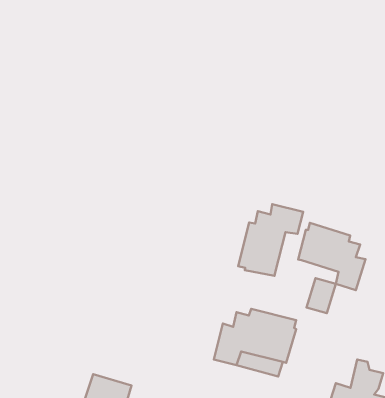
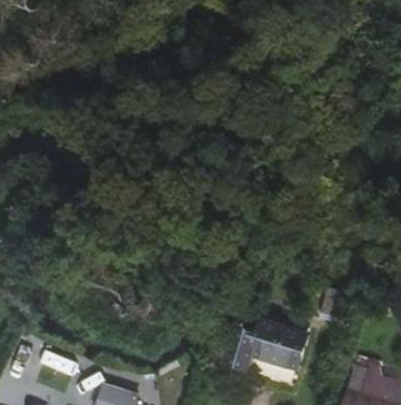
building: [238,204,303,276] -> none
building: [298,223,365,290] -> none

